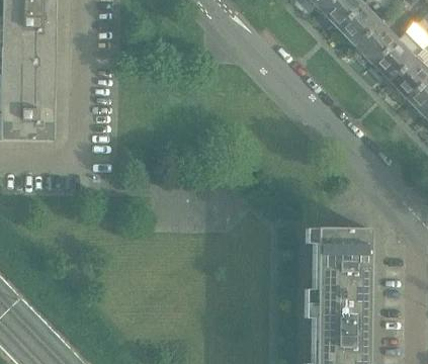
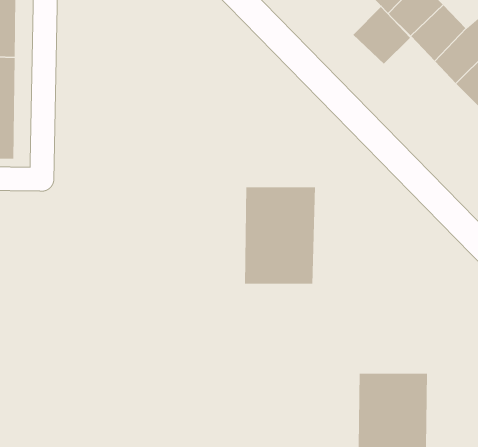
building: none -> [352,6,411,65]
building: [316,228,370,302] -> [244,187,316,285]

